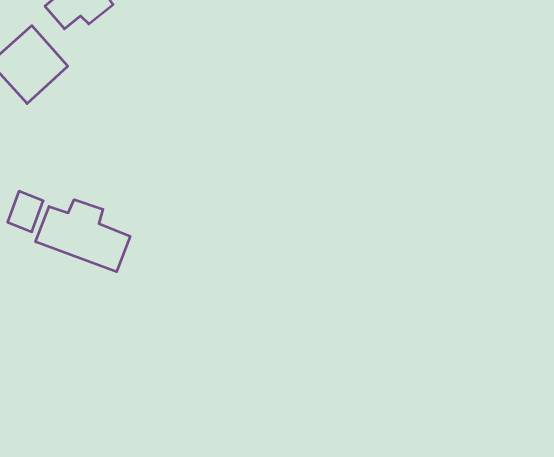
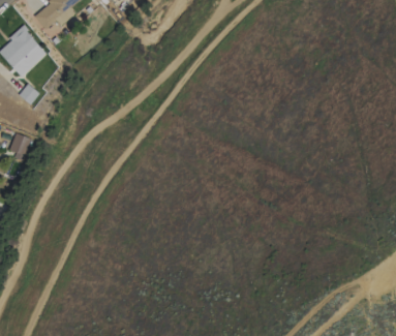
building: [36,200,130,272] -> none

